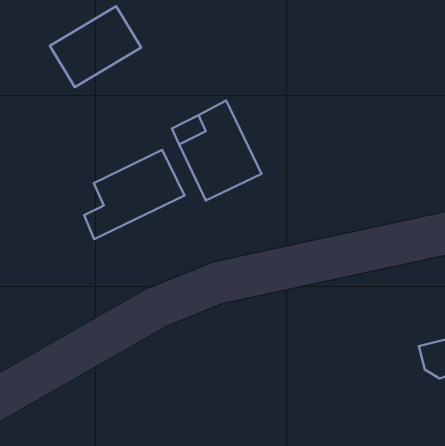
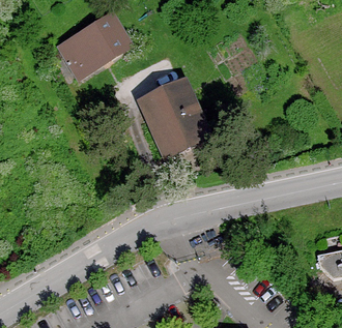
building: [84,150,185,239] -> none

